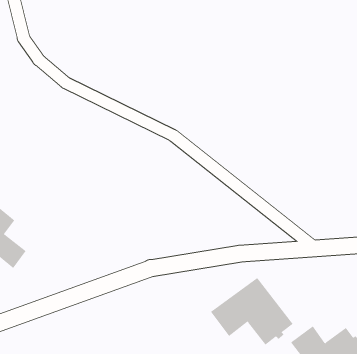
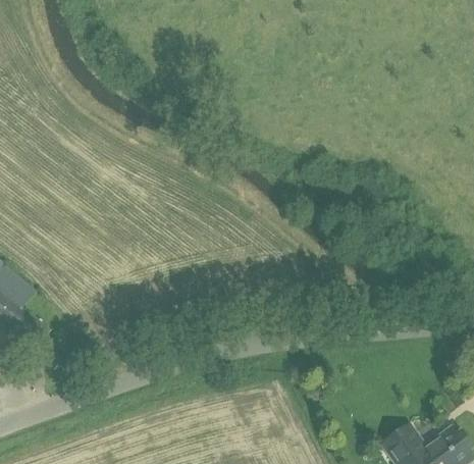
building: [210,277,293,345] -> none

